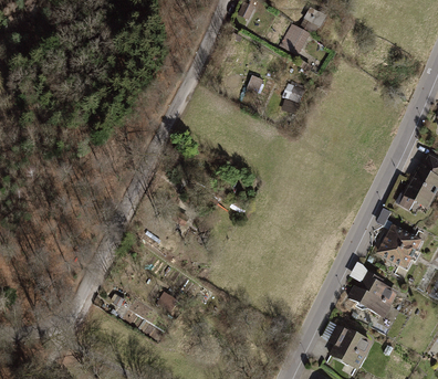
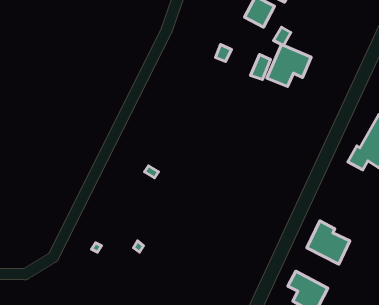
building: none -> [267,45,311,86]
building: [377,224,424,271] -> none

